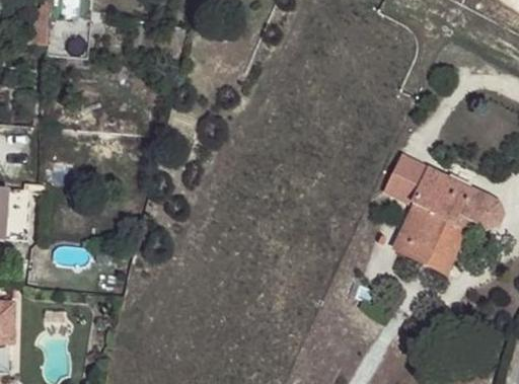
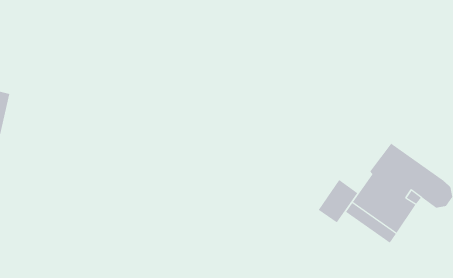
building: [384,155,423,201] -> [318,179,358,223]

